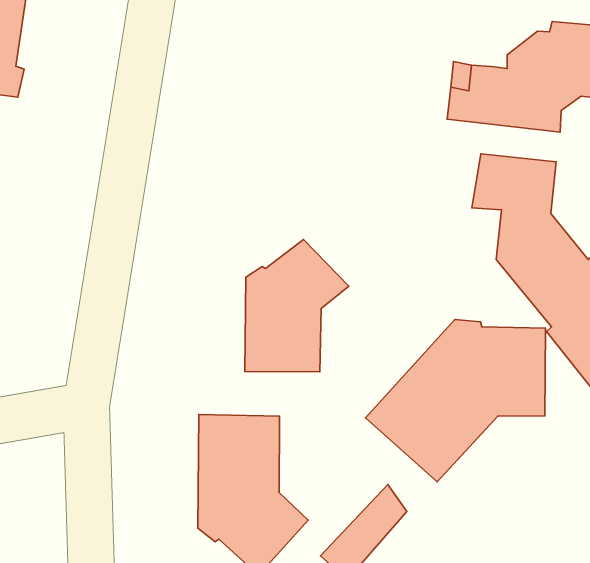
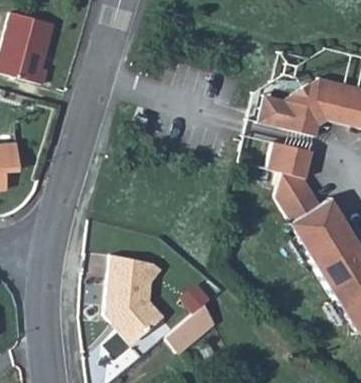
building: [245,239,349,372] -> none
building: [365,319,545,482] -> none

